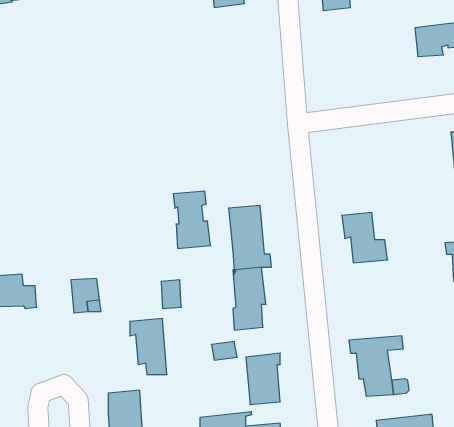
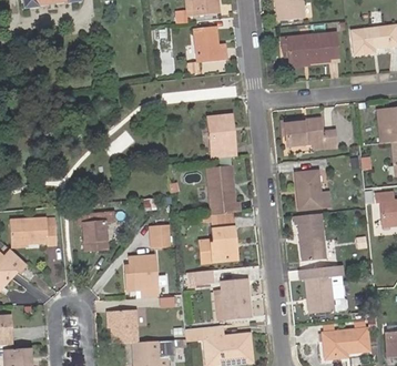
building: none -> [194,24,225,58]
building: none -> [285,29,335,57]
building: none -> [284,119,335,150]
building: [173,191,211,248] -> [207,114,236,159]
building: none -> [294,214,325,262]

